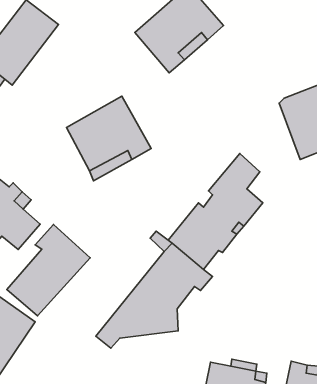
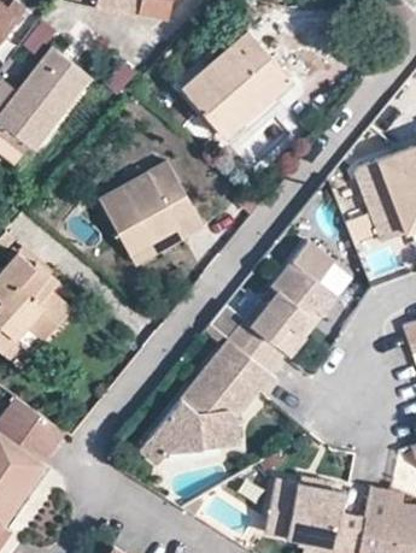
building: [7,225,90,316] -> none

